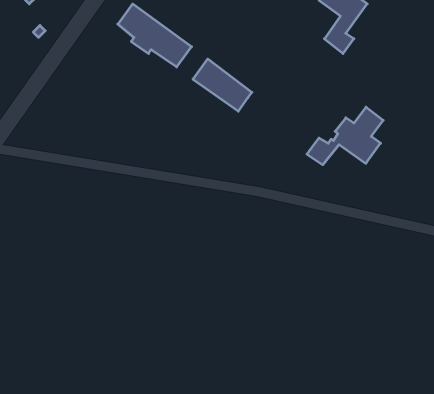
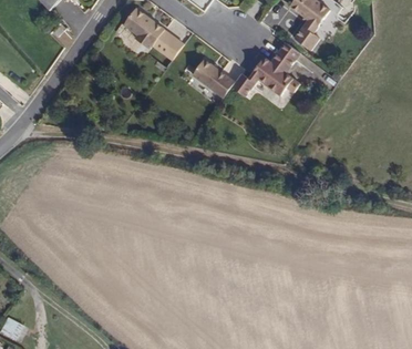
building: [307,107,383,165] -> [229,48,292,95]

